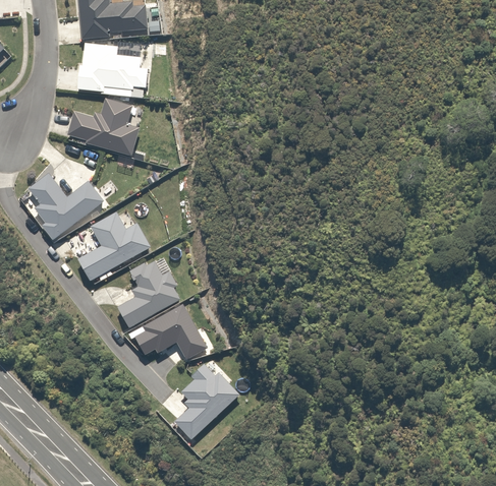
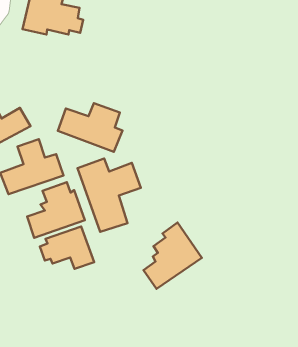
building: [64,100,139,153] -> [58,103,122,152]
building: none -> [78,159,141,232]
building: [173,358,238,438] -> [144,222,202,289]

